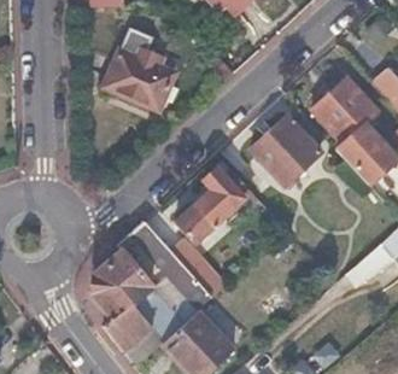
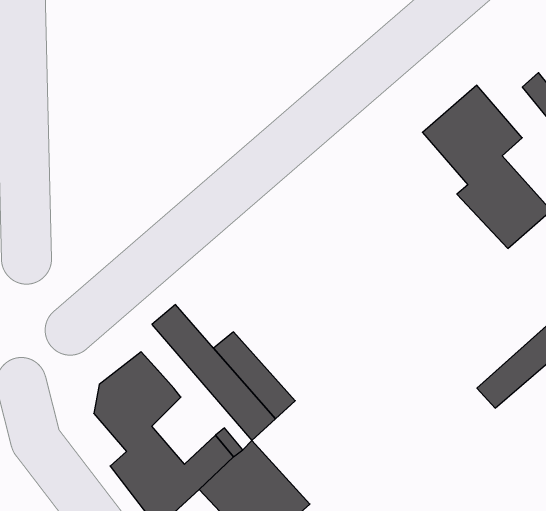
building: [107,27,176,109] -> none
building: [252,116,320,183] -> none
building: [174,166,250,242] -> none

